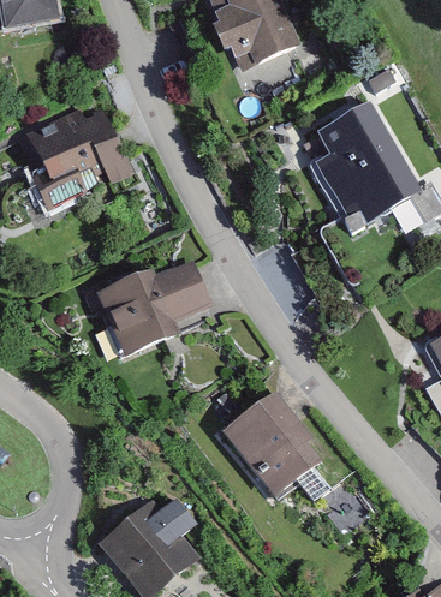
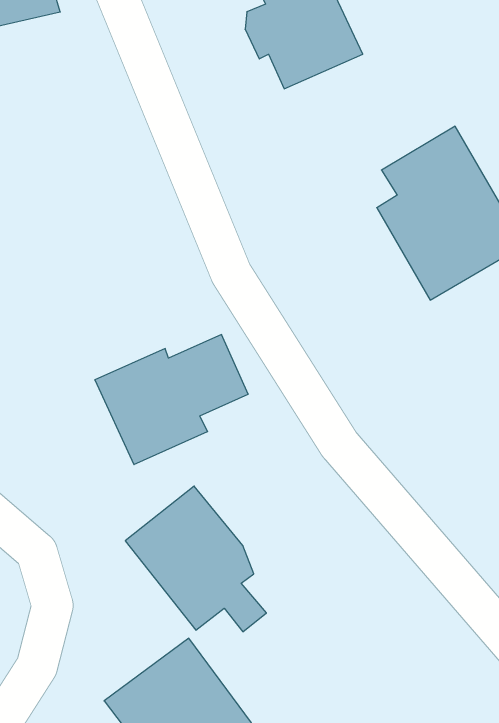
building: [28,107,131,207] -> none
building: [220,389,328,501] -> [125,486,266,632]

